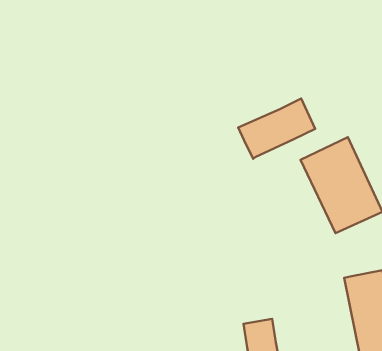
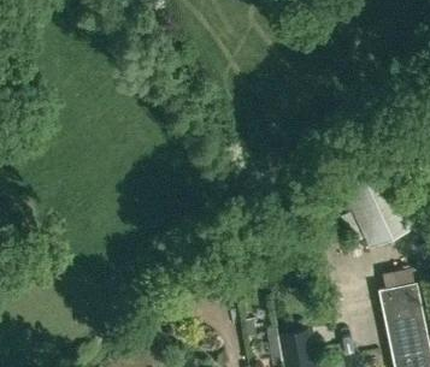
building: [238,99,315,159] -> none

